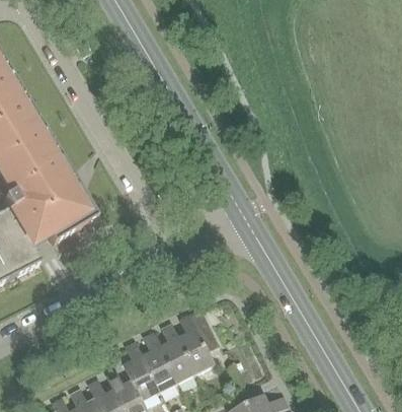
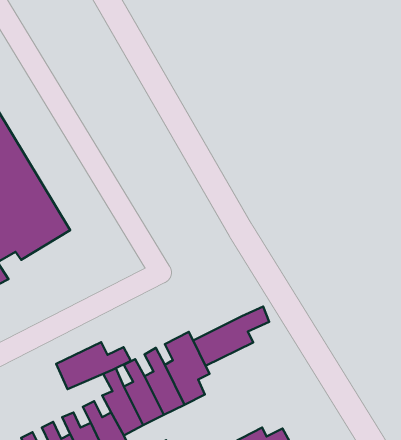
building: none -> [193,307,269,366]
building: none -> [56,342,131,389]

